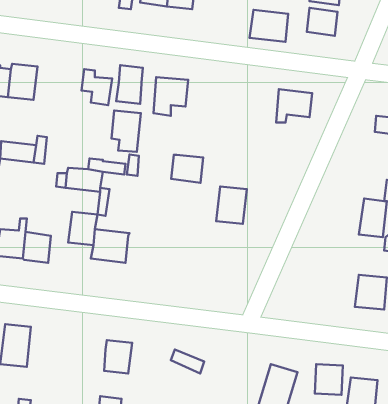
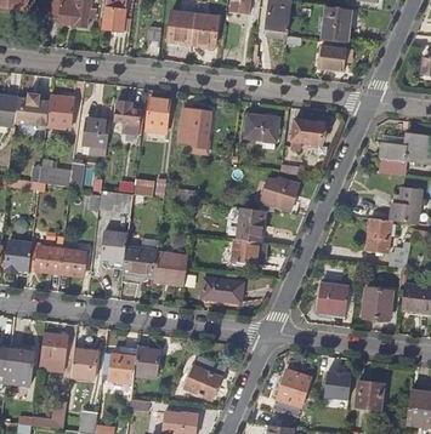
building: [249,10,288,42] -> [243,113,278,142]
building: [111,110,141,152] -> [83,118,109,155]
building: none -> [270,177,297,211]
building: [171,155,203,183] -> [231,239,260,264]
building: none -> [153,252,187,287]
building: none -> [200,278,242,302]
building: none -> [317,284,348,314]
building: none -> [69,348,97,378]
building: none -> [108,353,135,383]
building: none -> [185,365,221,399]

